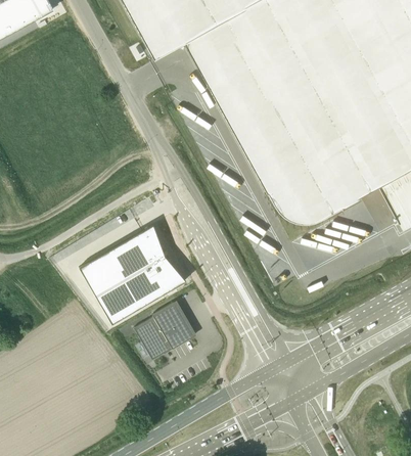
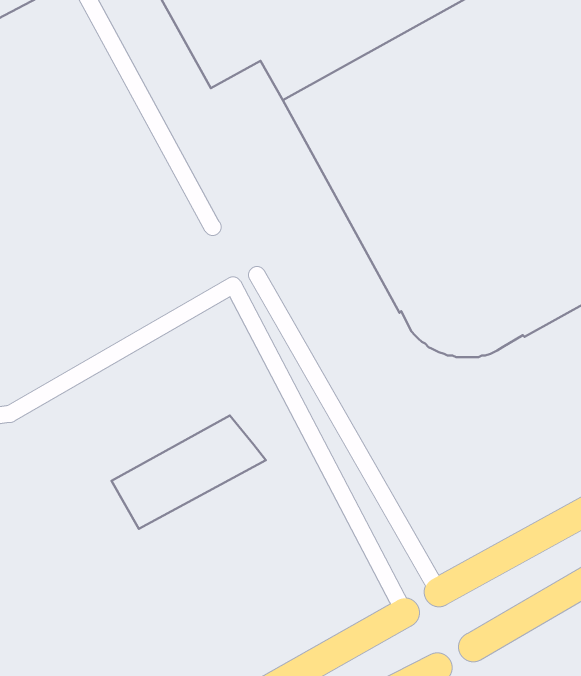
building: [81,222,167,292] -> none
building: [135,302,194,359] -> none

